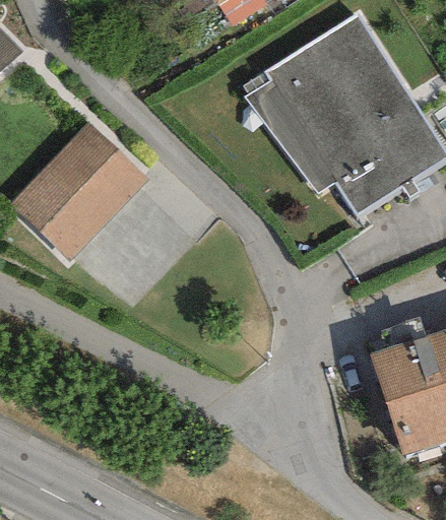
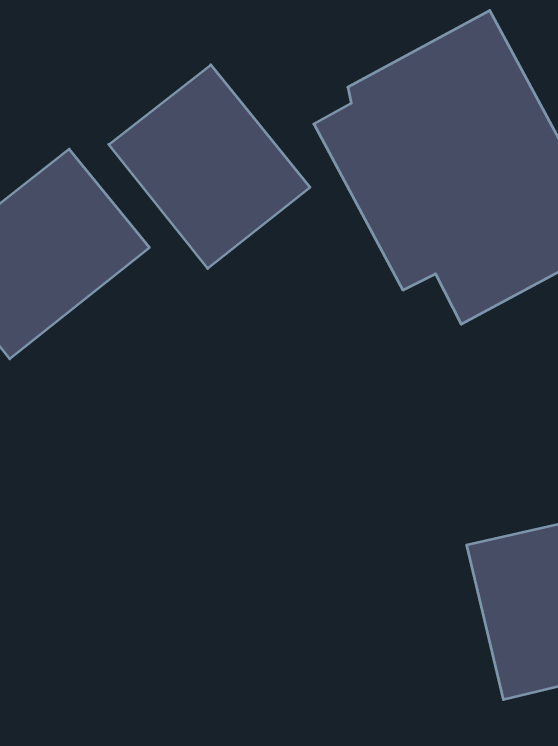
building: none -> [109,65,310,269]

